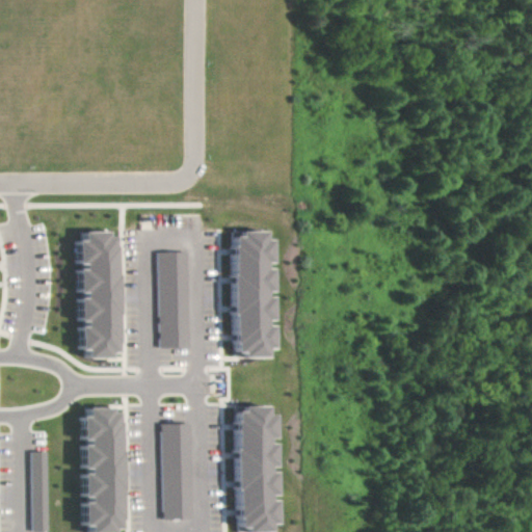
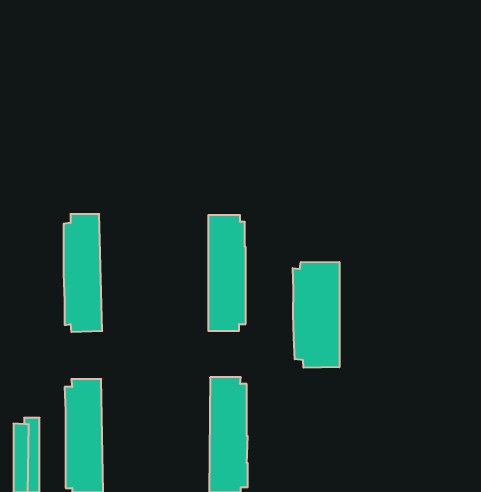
building: [156,256,189,348] -> none
building: none -> [293,262,339,368]
building: [159,429,190,522] -> none

